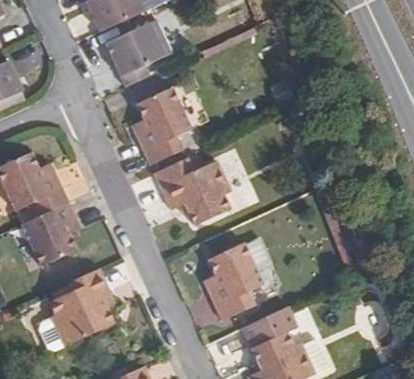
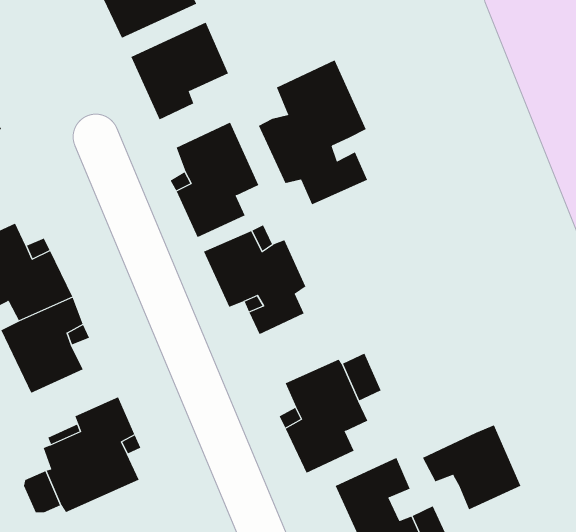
building: none -> [258,59,368,205]
building: none -> [422,425,521,510]

